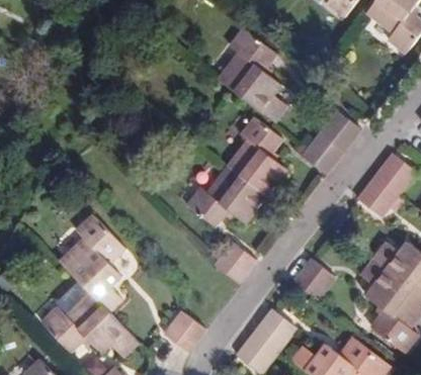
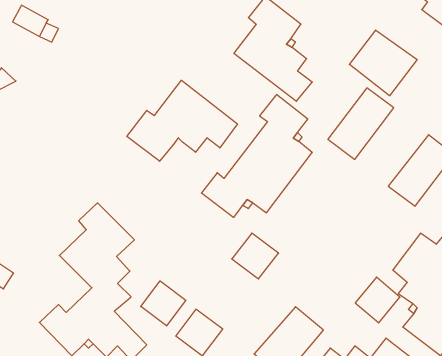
building: none -> [349,30,417,96]
building: none -> [127,80,237,161]
building: [291,258,332,299] -> [355,277,400,323]
building: none -> [141,281,186,326]

